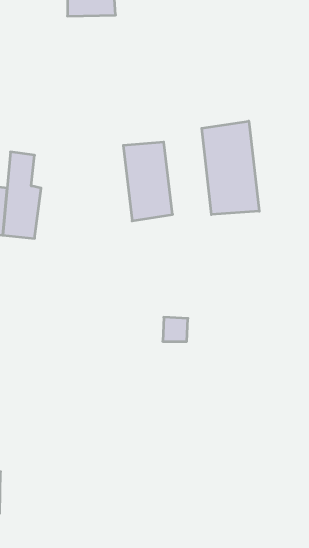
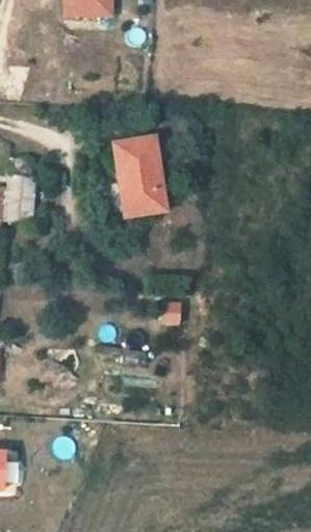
building: [202,121,259,215] -> none

